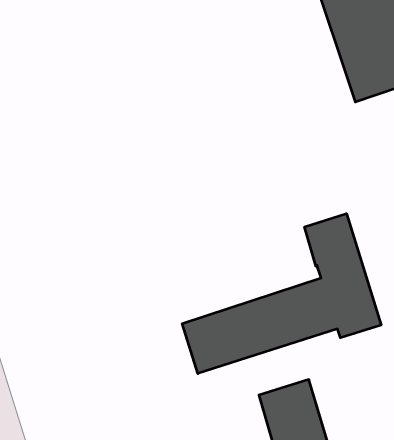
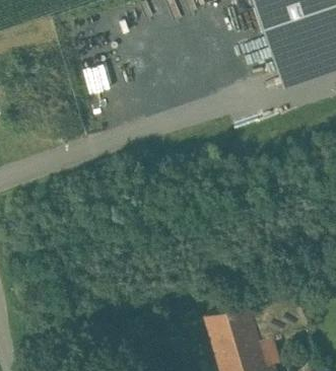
building: [182,214,381,374] -> none

